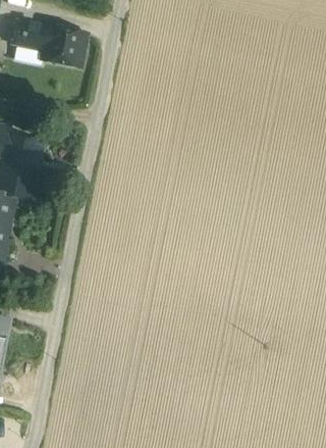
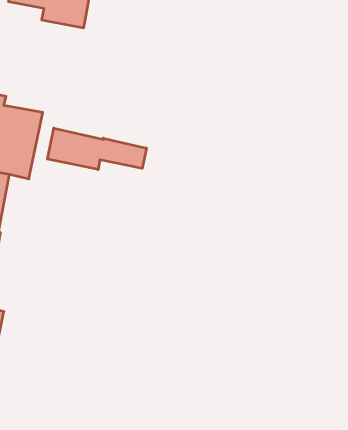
building: none -> [47,128,146,170]

